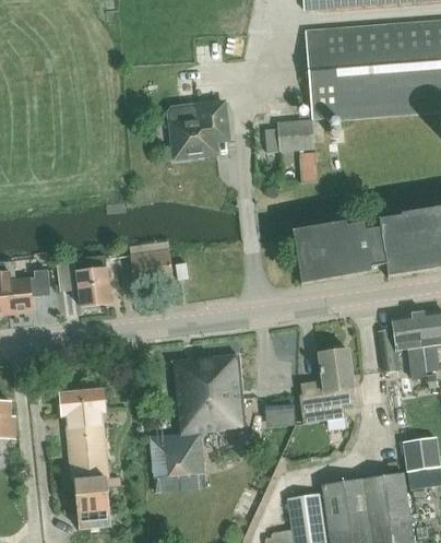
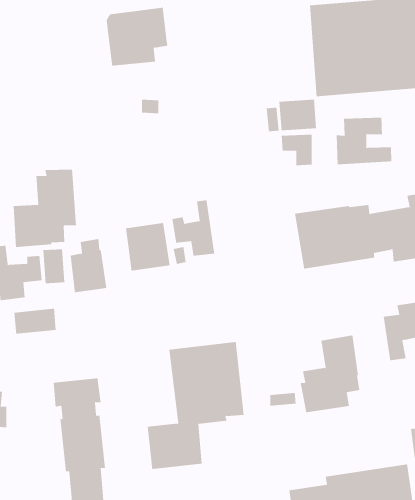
building: [169,101,229,157] -> [106,7,168,66]
building: none -> [336,117,392,165]
building: none -> [13,169,76,248]
building: none -> [172,199,215,256]
building: none -> [14,308,56,335]

